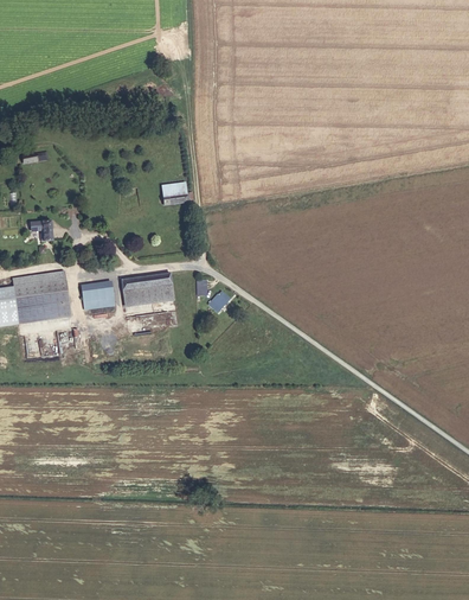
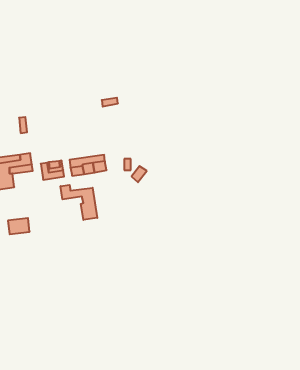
building: [34,298,66,321] -> [8,218,30,234]
building: none -> [61,185,97,220]

